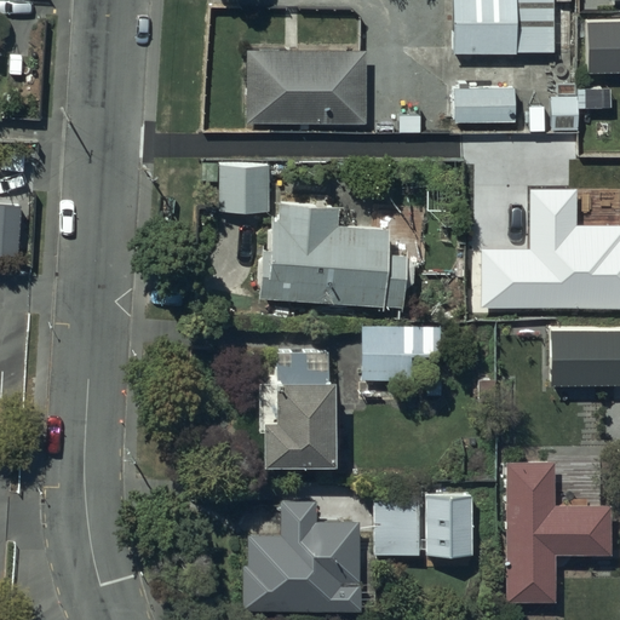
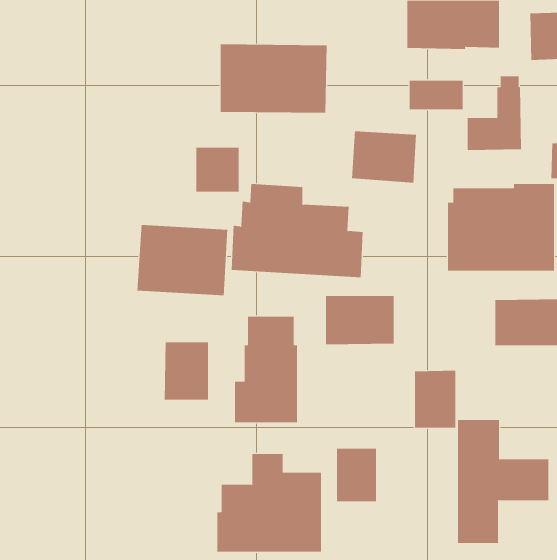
building: none -> [351,130,417,184]
building: none -> [137,224,228,296]
building: none -> [164,341,209,400]
building: [426,493,472,557] -> [414,370,456,428]

